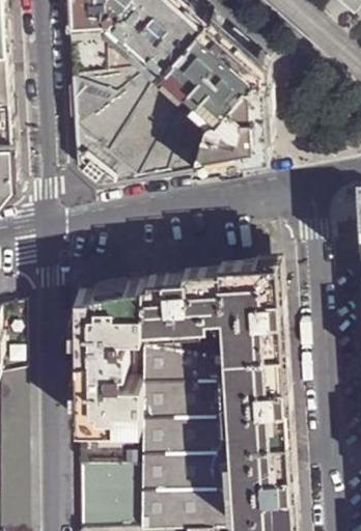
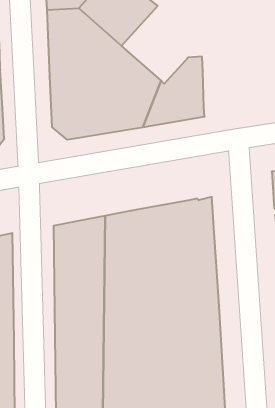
building: [164,20,266,118] -> none

